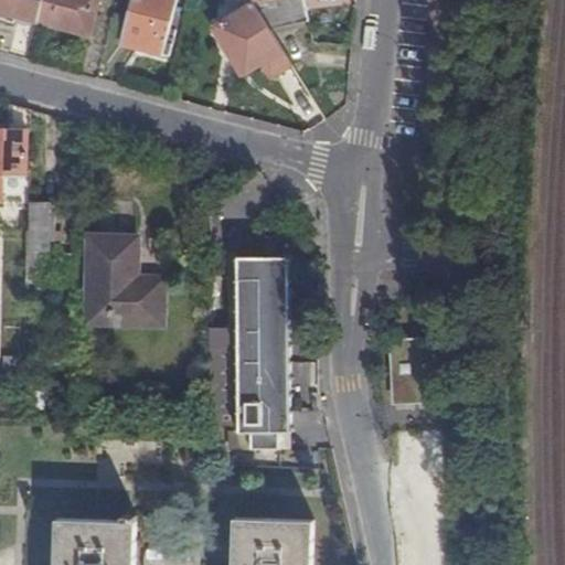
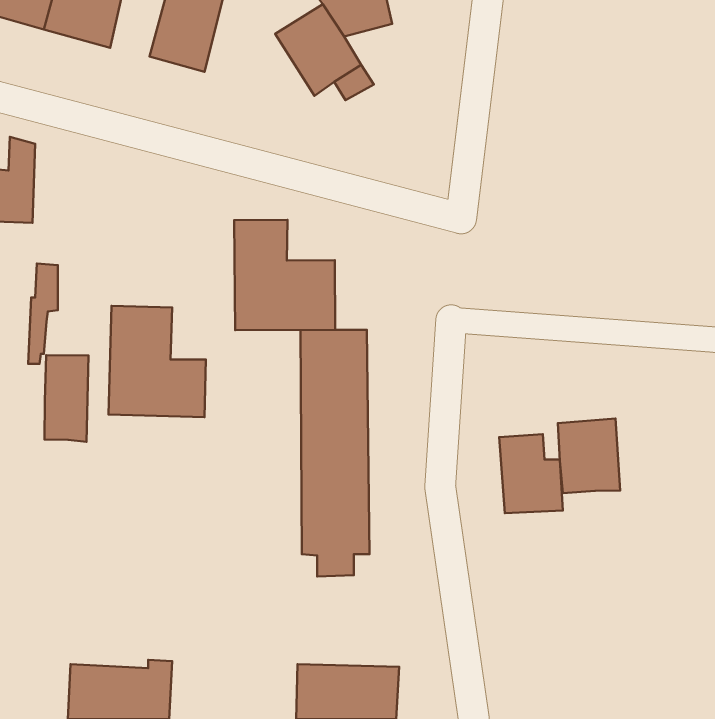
building: none -> [234,220,335,330]
building: none -> [44,355,89,442]
building: none -> [558,419,620,493]

